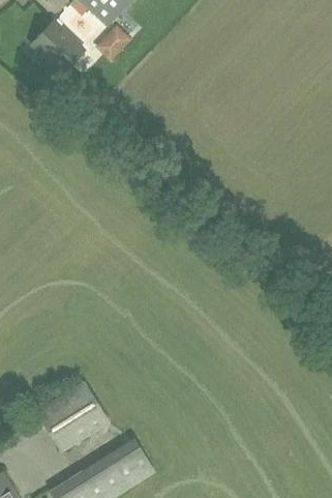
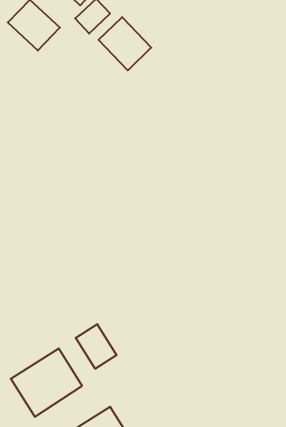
building: none -> [99,17,151,70]
building: none -> [76,324,117,369]

